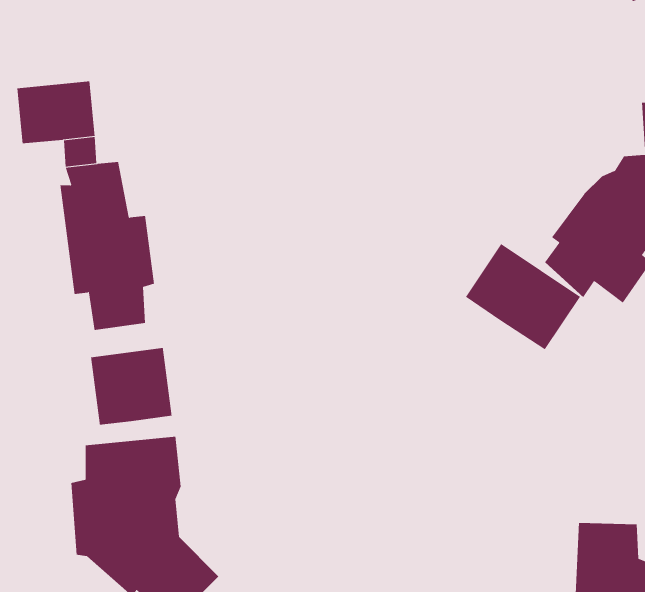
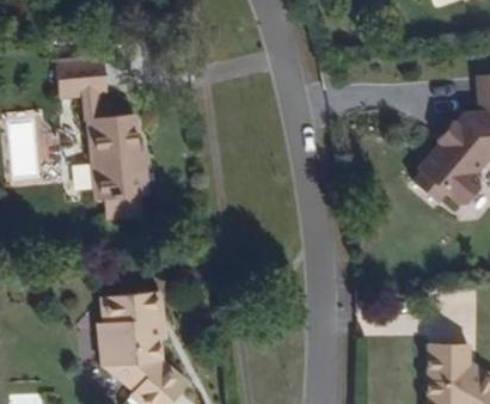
building: [465,243,581,350] -> none
building: [91,347,172,426] -> none

